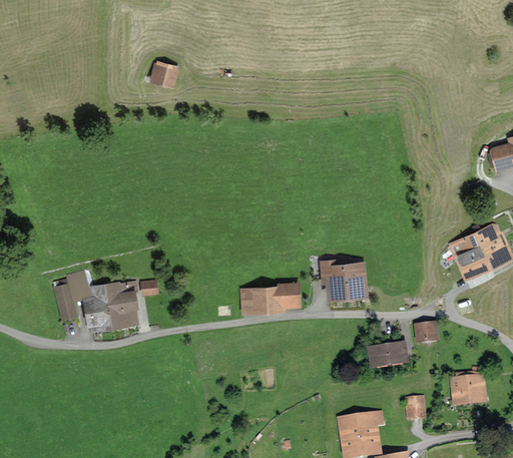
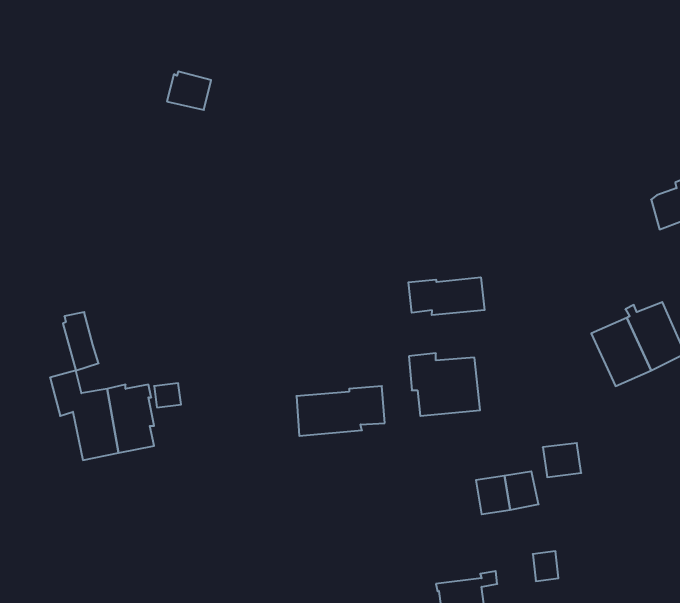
building: none -> [408,277,485,315]
building: [53,279,78,320] -> [63,312,99,370]
building: [451,372,482,403] -> none

